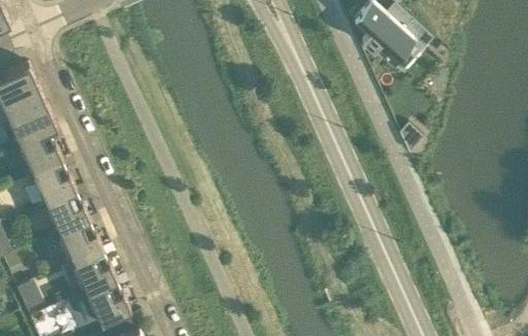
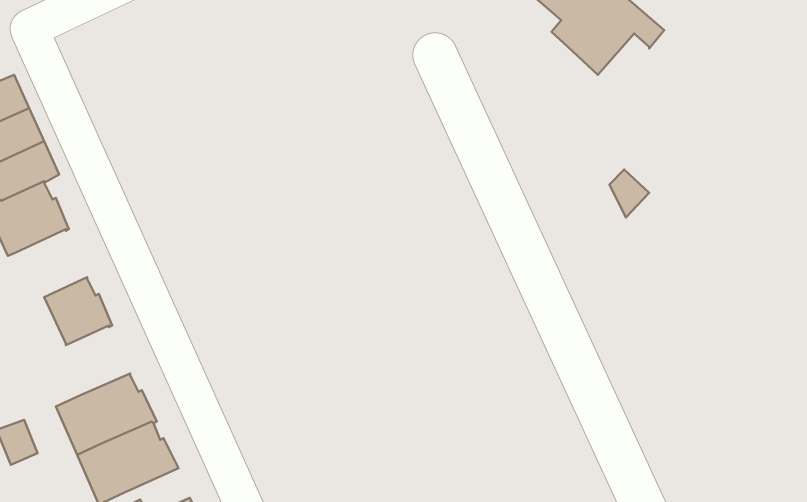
building: [29,162,75,206] -> none
building: [55,222,102,265] -> none

